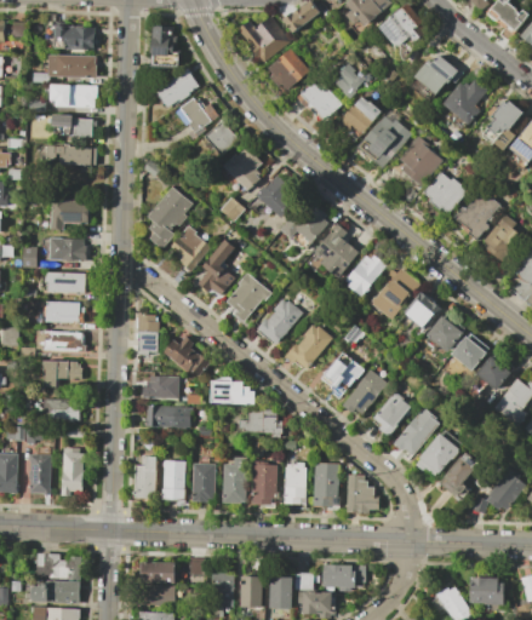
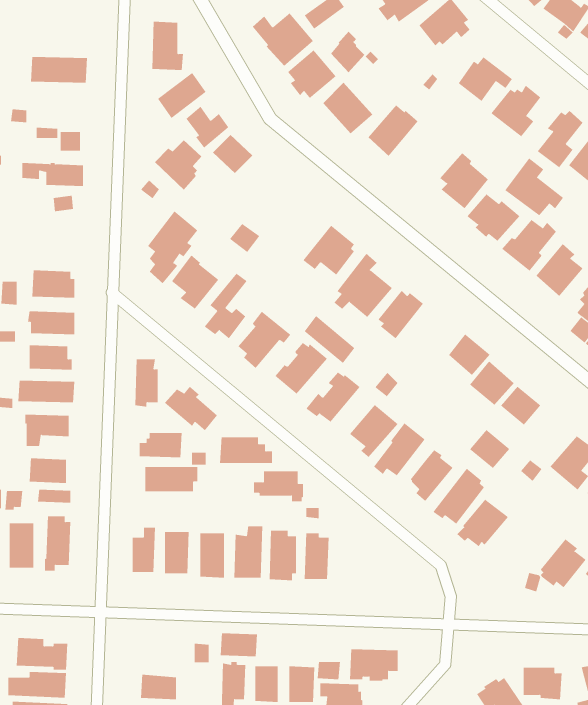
building: [47,25,95,50] -> none
building: [333,63,364,99] -> [330,31,365,73]
building: [50,85,96,108] -> none
building: [357,111,412,167] -> none
building: none -> [504,157,564,216]
building: [222,147,263,190] -> [154,139,202,190]
building: [256,174,302,218] -> none
building: [51,200,87,230] -> none
building: [372,268,419,317] -> none
building: none -> [304,315,355,364]
building: [475,356,510,390] -> [469,429,510,469]
building: [439,452,477,498] -> none
building: [311,461,338,507] -> none
building: [345,473,377,513] -> none
building: [142,562,175,582] -> [220,633,258,657]

